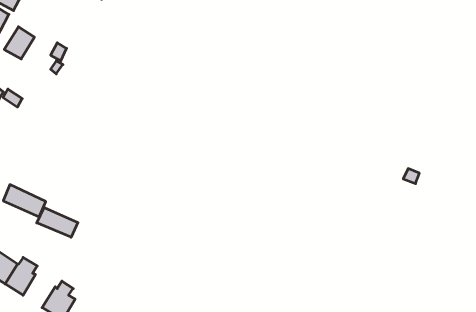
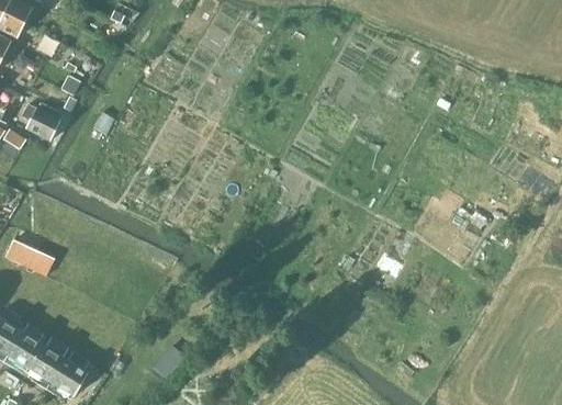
building: none -> [21,102,59,139]
building: [37,207,78,237] -> none
building: none -> [27,337,68,381]

